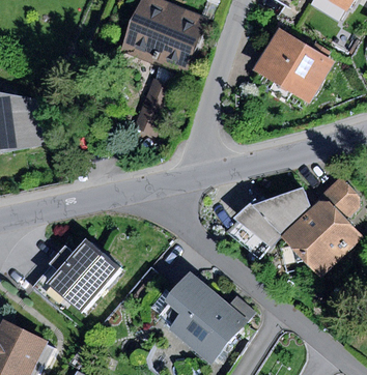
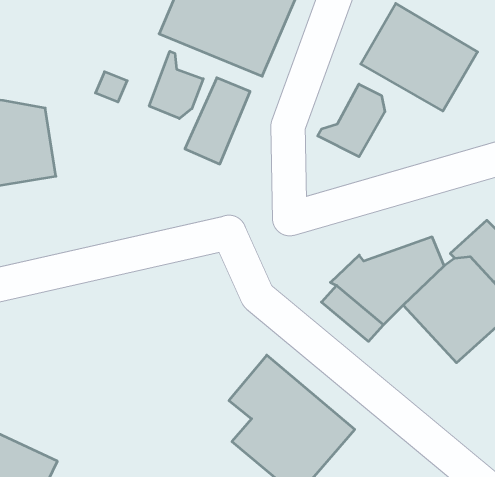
building: none -> [149,51,203,119]
building: none -> [318,84,385,157]
building: [30,239,118,313] -> none

